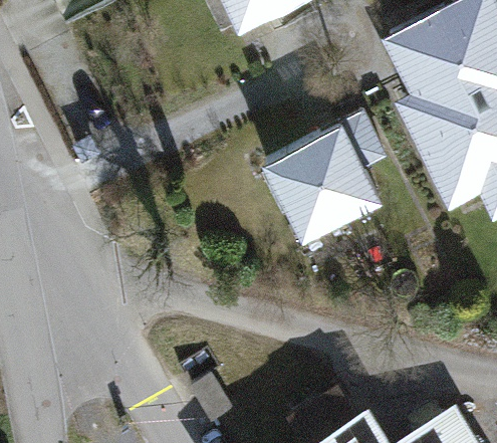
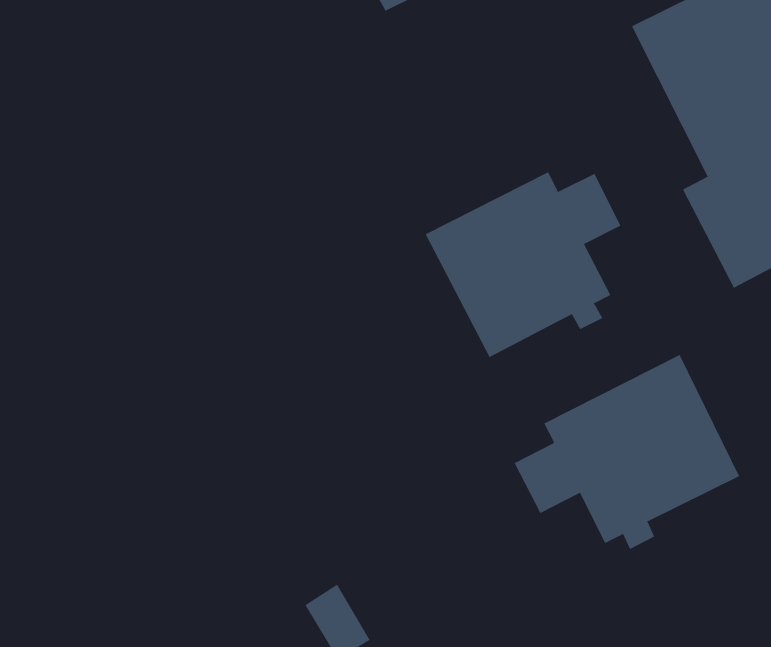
building: none -> [514,354,740,550]

